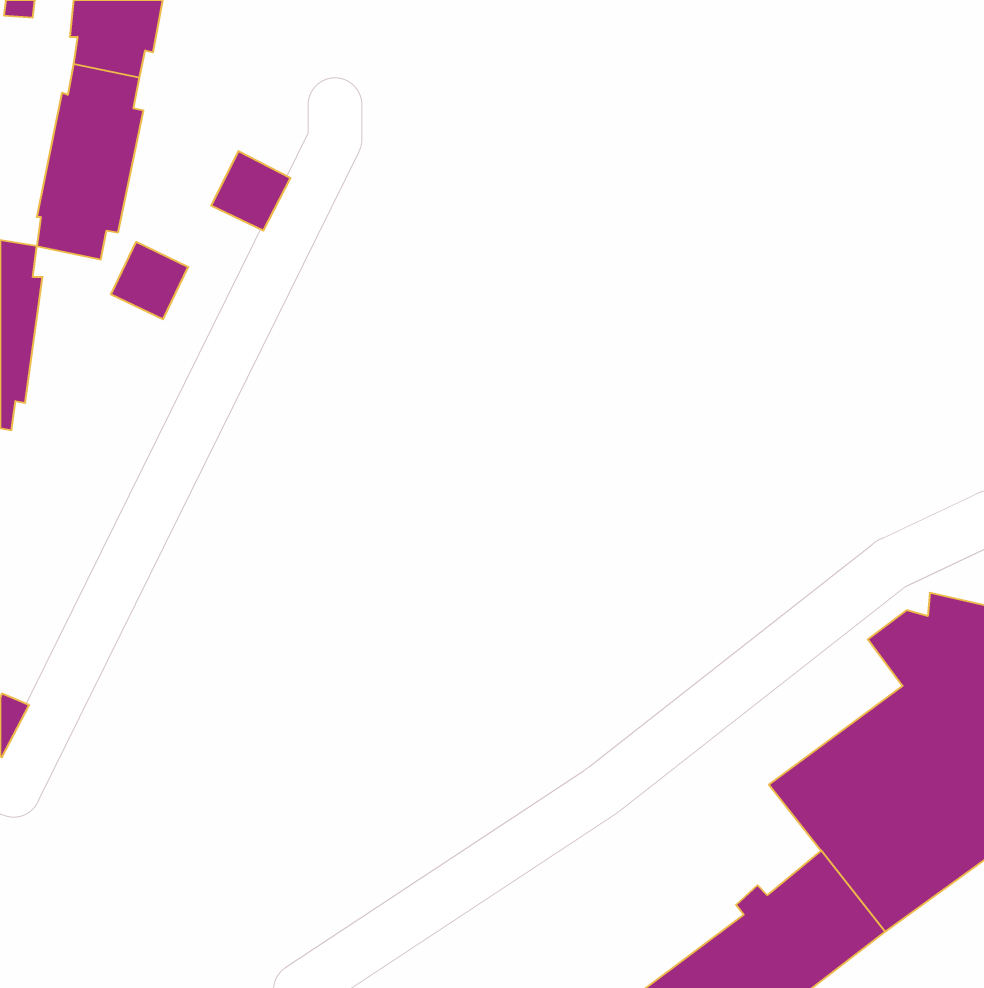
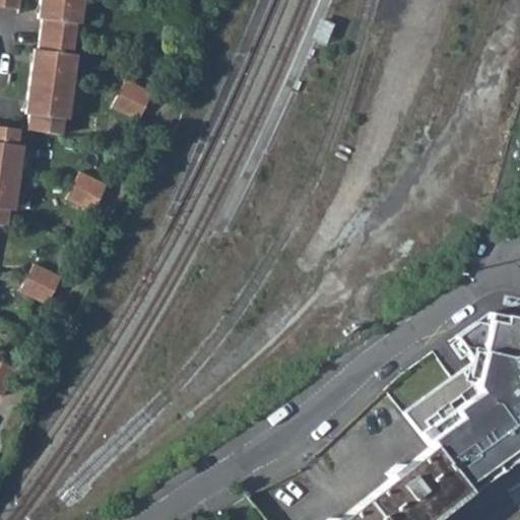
building: [111,242,188,319] -> [68,173,109,213]
building: none -> [22,265,63,306]

